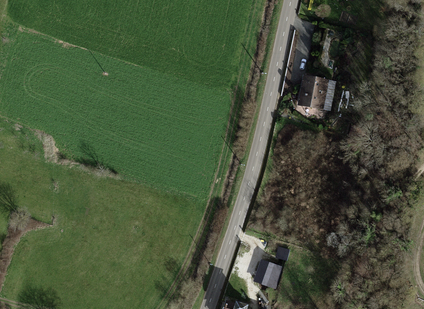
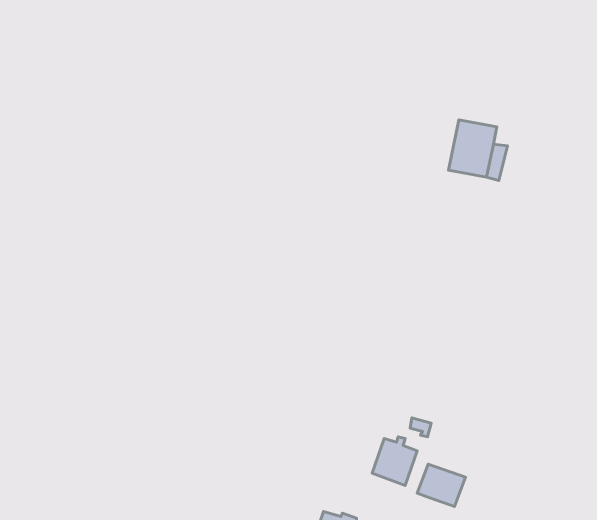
building: none -> [417,464,465,506]

